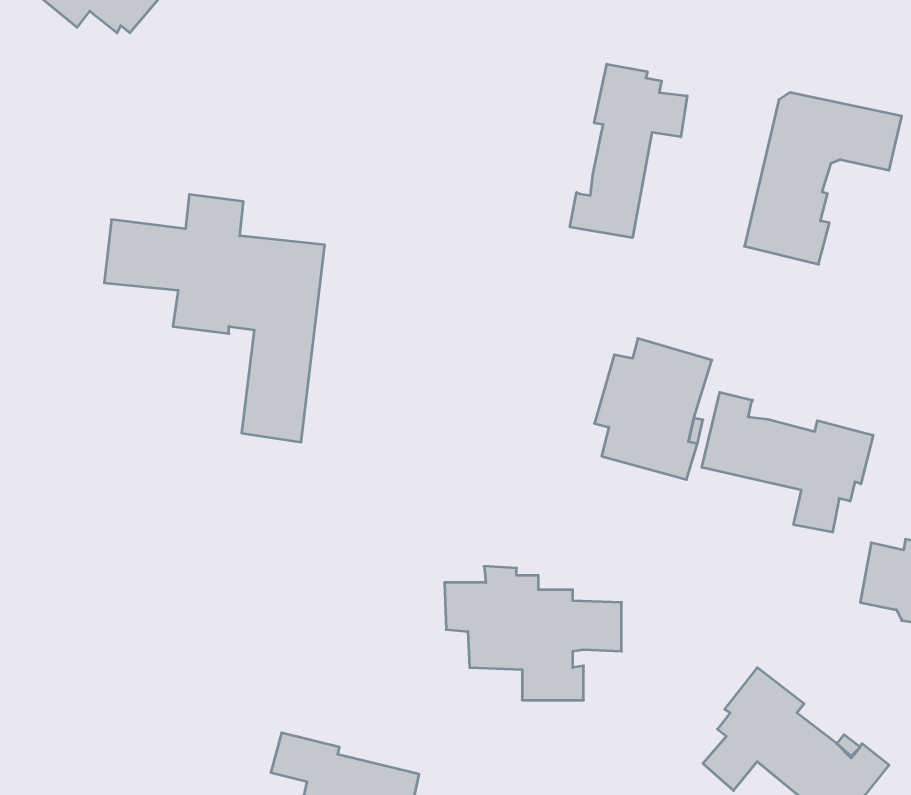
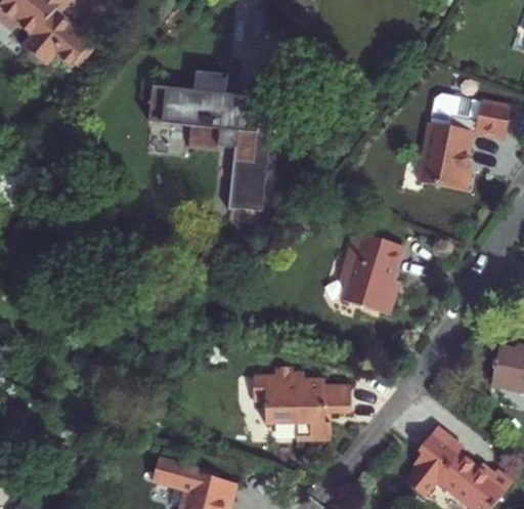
building: [570,64,687,238] -> none
building: [104,194,325,442] -> [151,73,276,213]
building: [702,392,873,532] -> none

